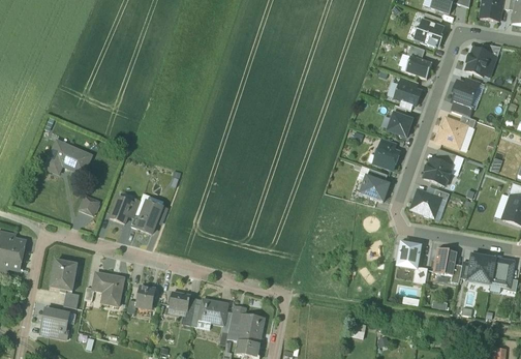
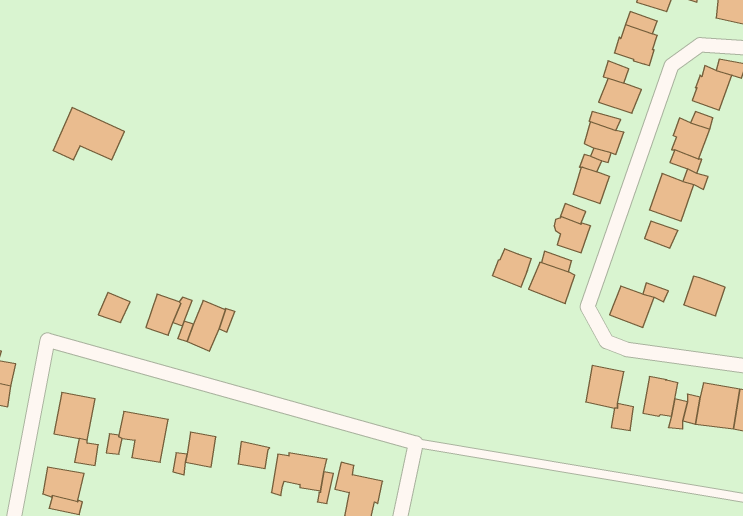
building: [44,140,91,174] -> [53,108,124,160]
building: [424,158,451,184] -> [684,276,725,316]
building: none -> [492,249,531,287]

